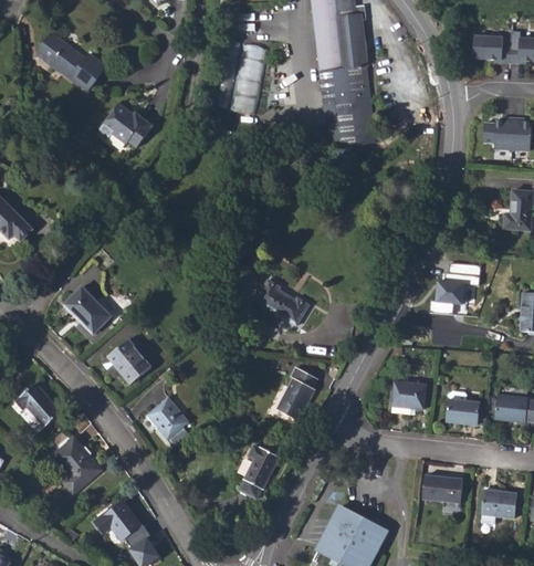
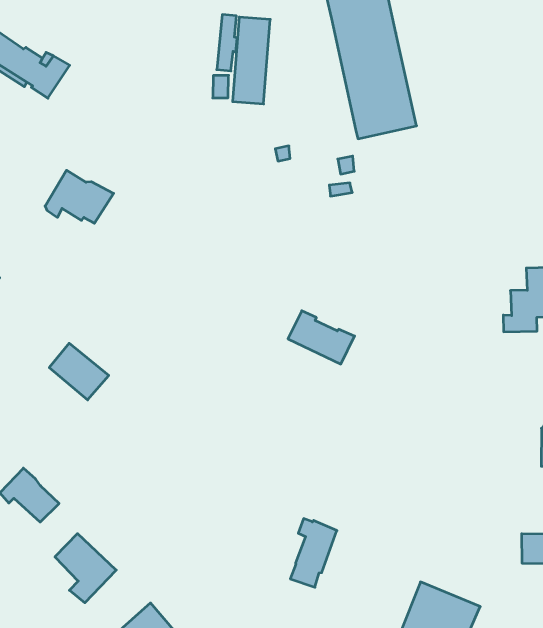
building: [97,103,153,147] -> [45,170,114,223]
building: [107,338,150,384] -> none
building: [276,366,316,420] -> none
building: [391,381,426,409] -> none
building: [146,397,188,439] -> none

